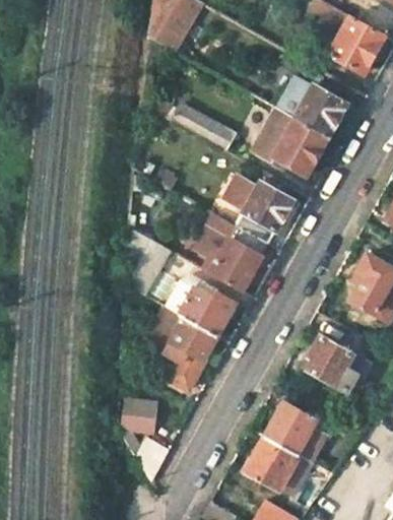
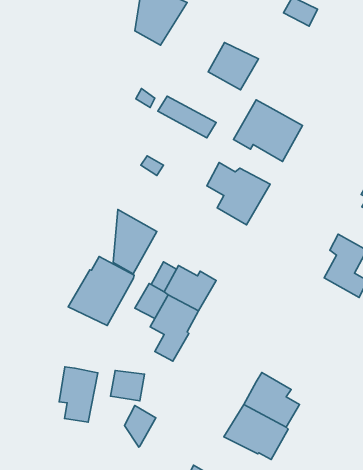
building: [328,15,384,73] -> none
building: [292,85,346,136] -> [208,43,258,90]
building: [192,212,267,289] -> none
building: none -> [68,256,134,325]
building: [303,335,369,391] -> none
building: none -> [59,367,98,422]

